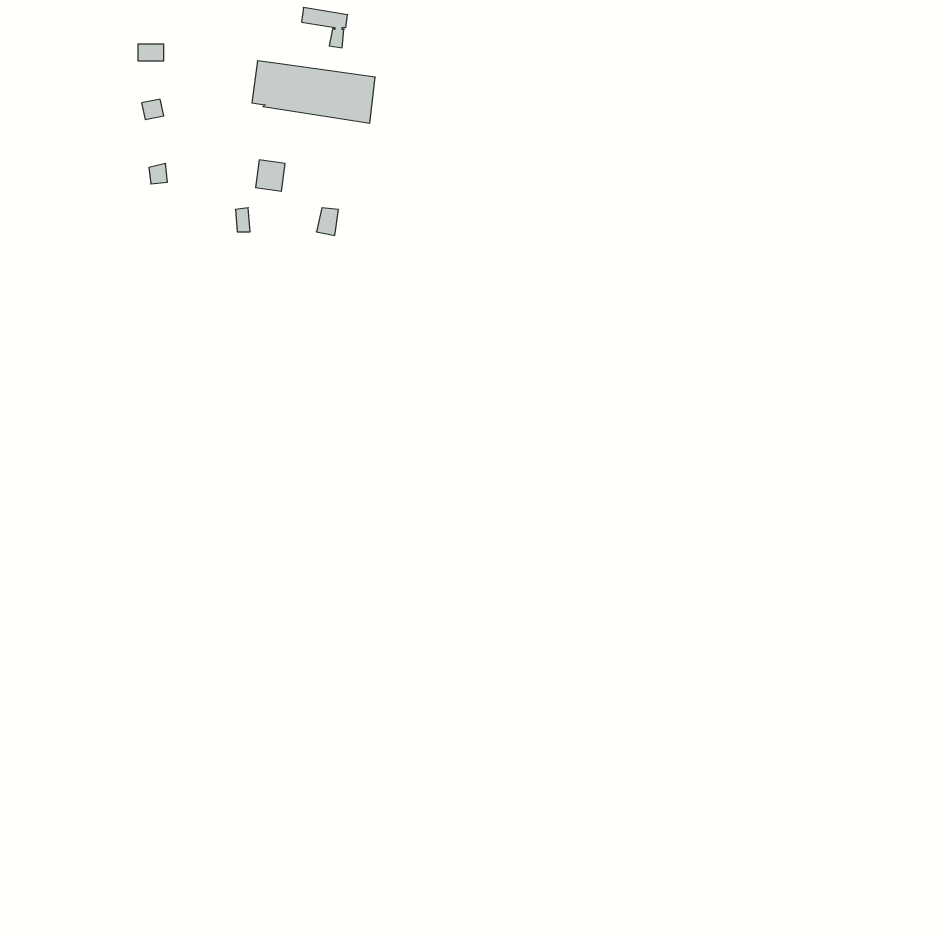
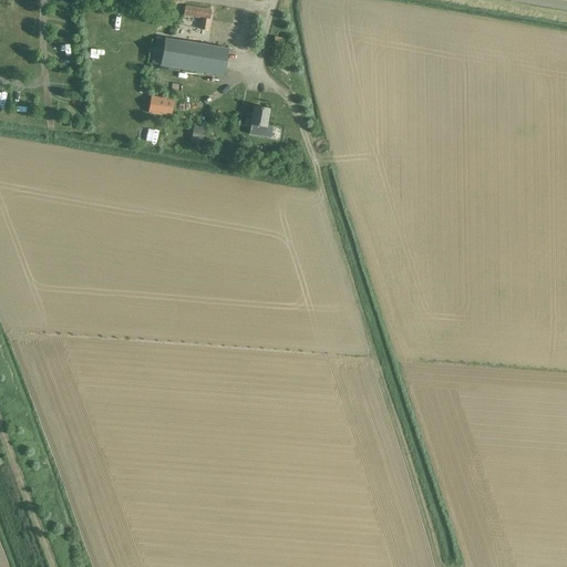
building: none -> [249,104,271,136]

